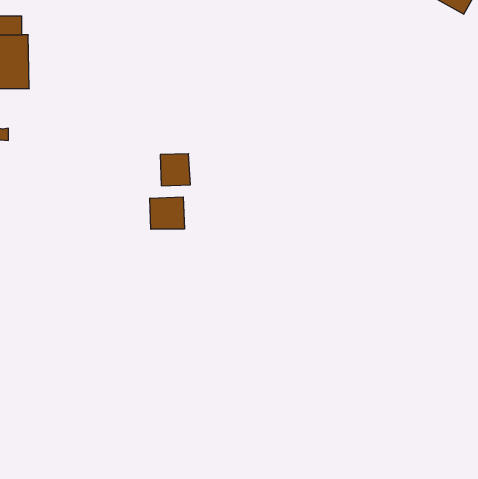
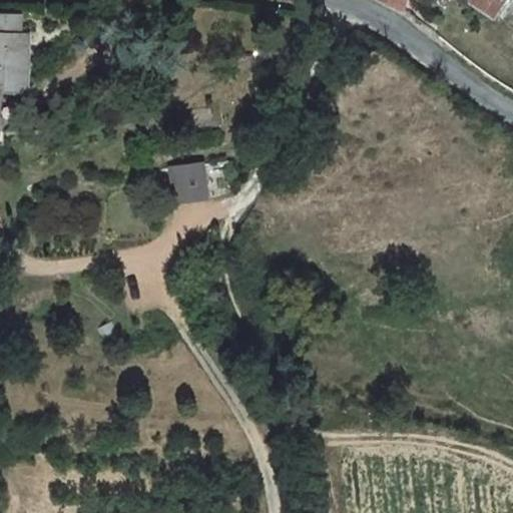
building: [150,197,184,229] -> none

